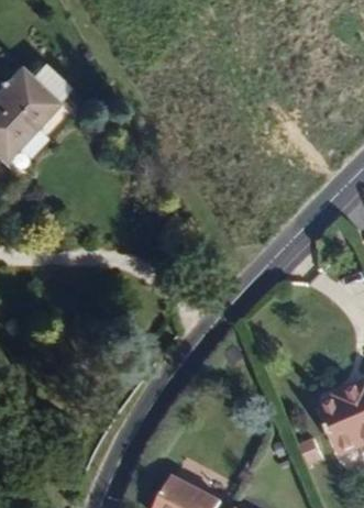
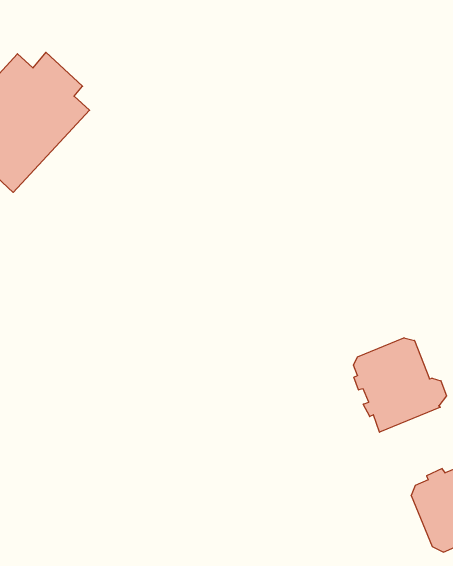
building: none -> [354,338,446,432]

